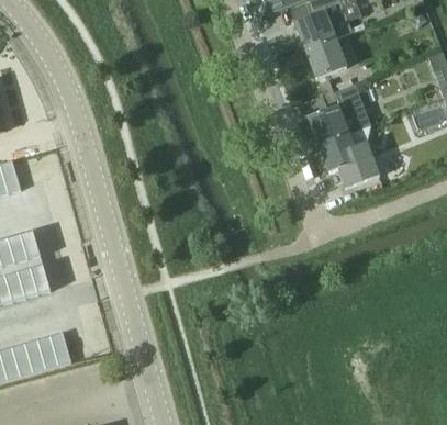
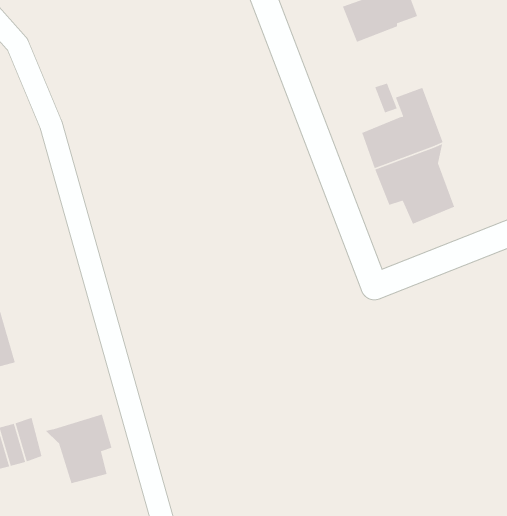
building: [306,40,348,80] -> none
building: none -> [45,413,112,484]

